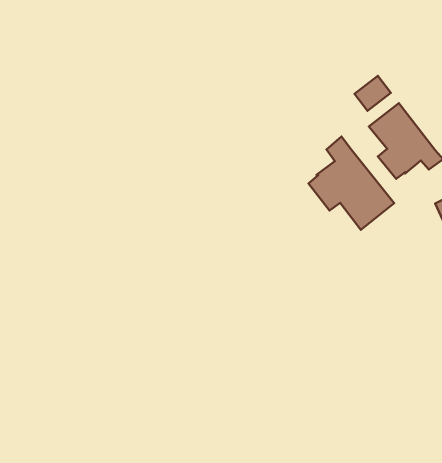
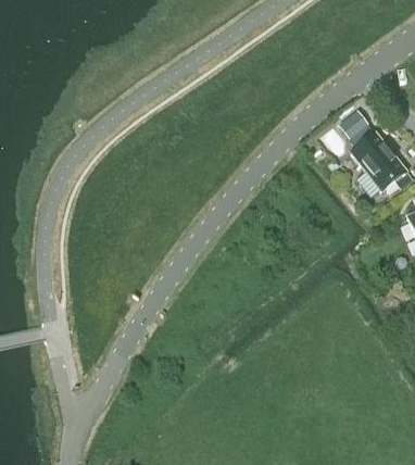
building: [309,136,394,230] -> none

